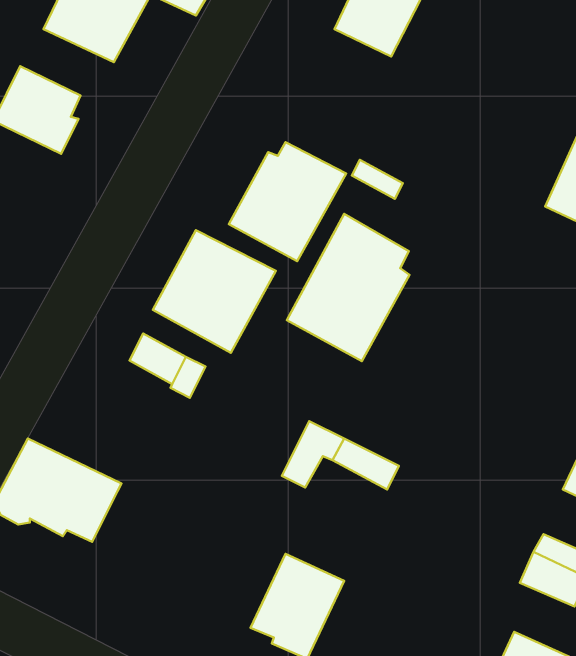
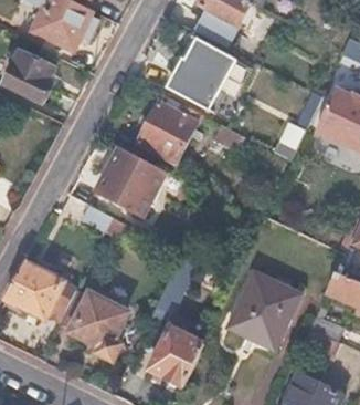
building: none -> [173,35,235,94]
building: [287,214,409,361] -> none
building: none -> [226,271,300,349]
building: none -> [59,293,125,357]

